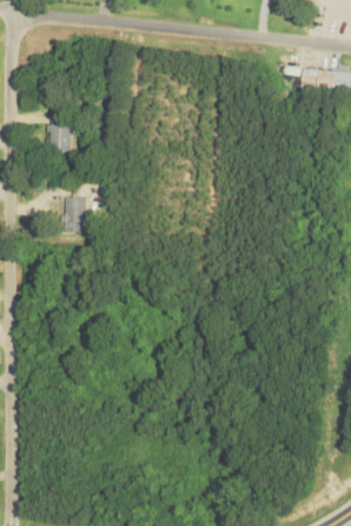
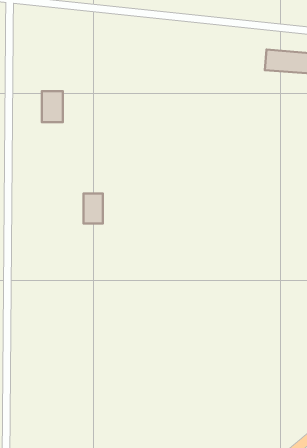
building: [65,196,86,230] -> [84,194,103,224]

